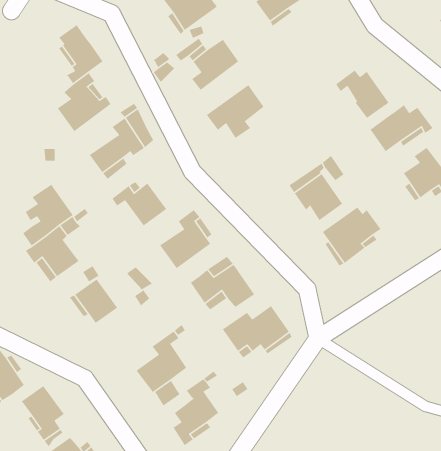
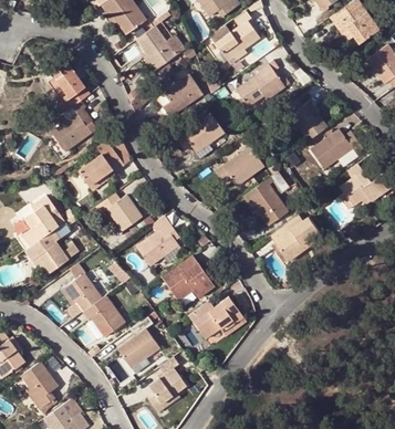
building: none -> [236,63,285,107]
building: none -> [216,146,264,185]
building: none -> [83,295,125,336]

